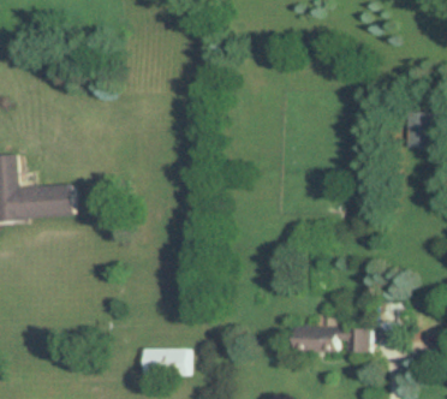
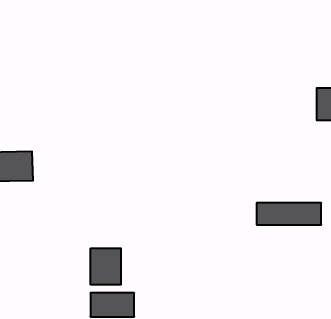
building: none -> [91,248,121,285]
building: [296,326,370,351] -> [257,203,321,225]

